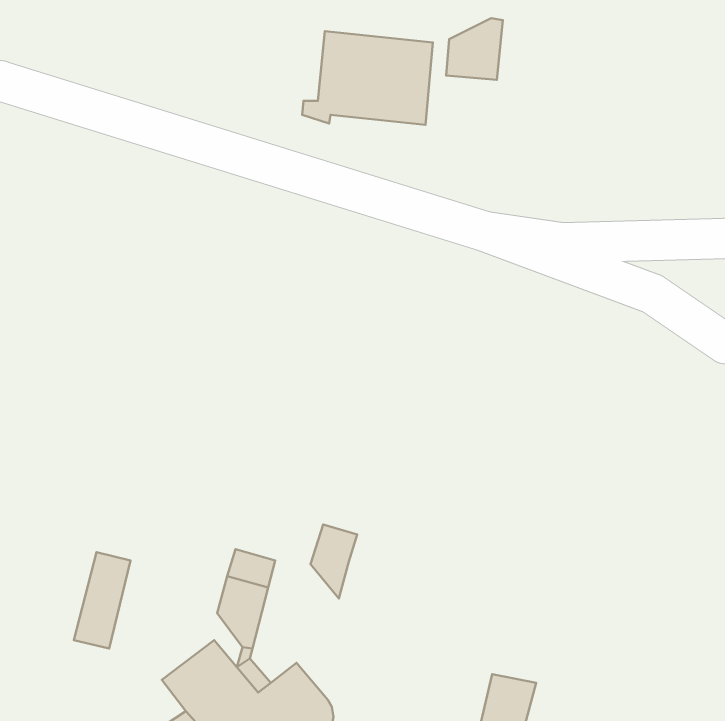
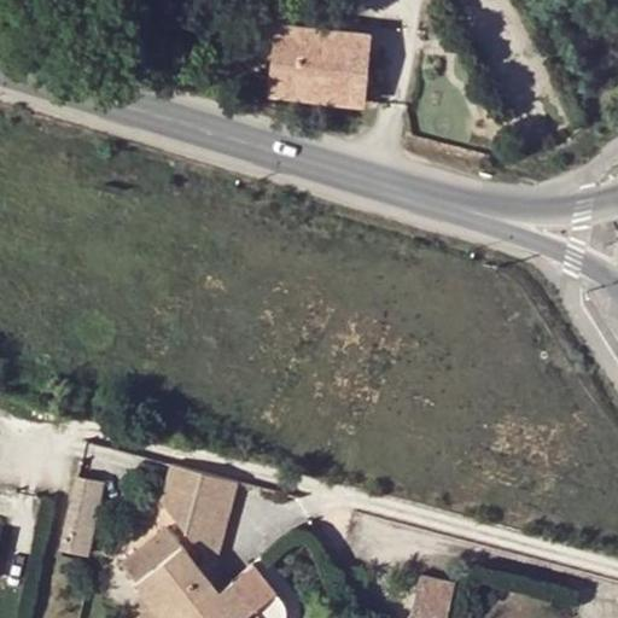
building: [446,18,503,80] -> none
building: [310,525,357,598] -> [161,462,200,525]
building: none -> [121,526,182,582]

